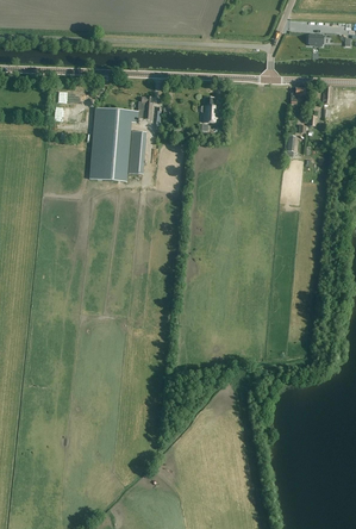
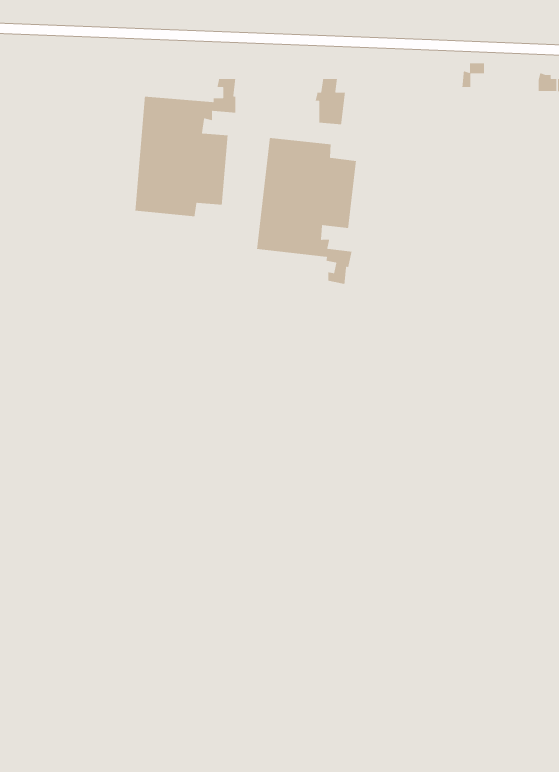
building: none -> [256,137,357,285]

